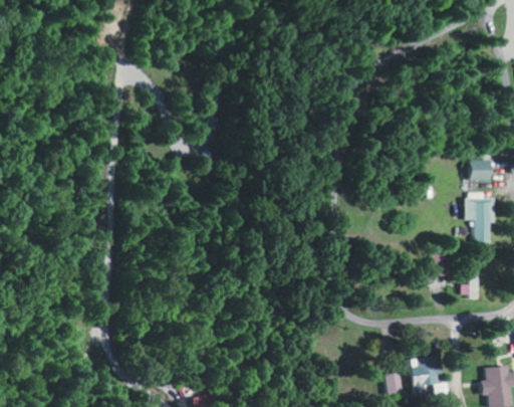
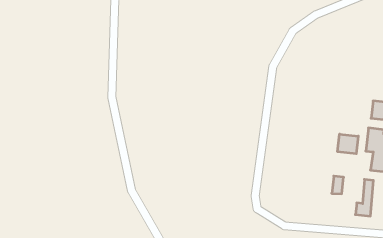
building: none -> [338,134,358,154]

